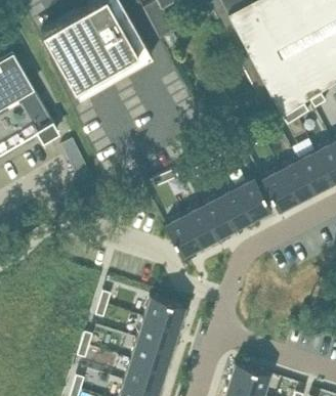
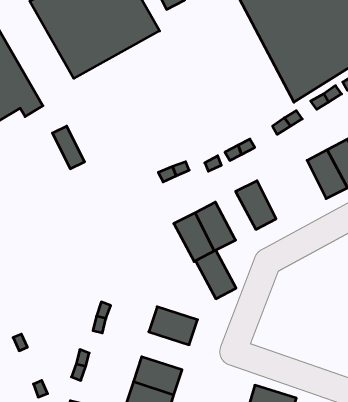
building: [261,170,296,212] -> none
building: [237,178,271,220] -> none
building: [201,196,236,238] -> [196,250,236,299]
building: [137,317,178,350] -> none

